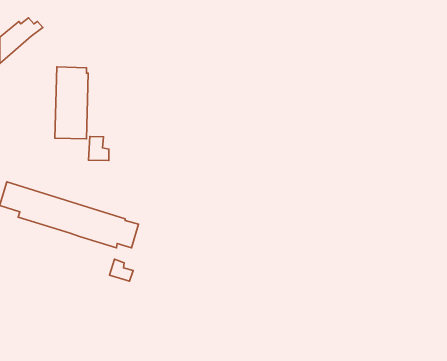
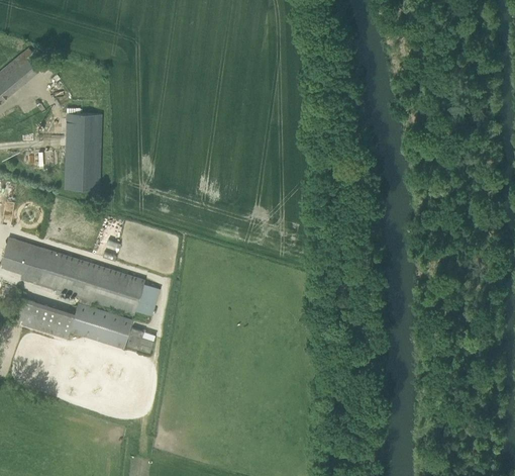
building: [88,136,109,161] -> none
building: none -> [10,295,132,349]

